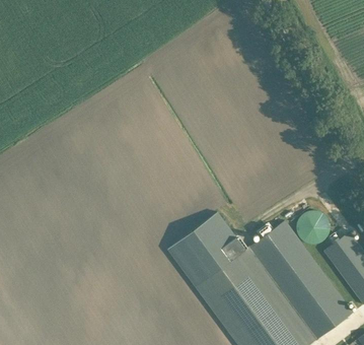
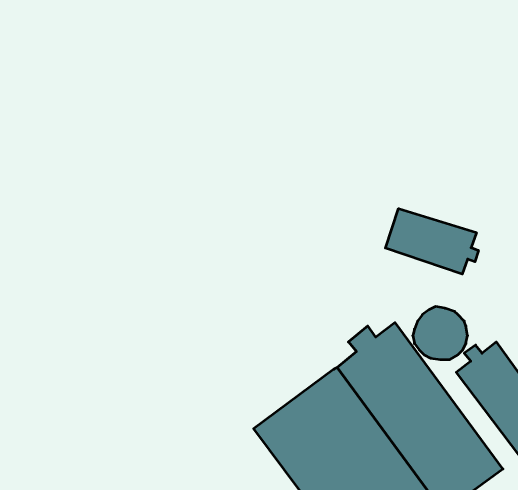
building: none -> [385,209,478,274]
building: [167,212,245,287] -> none

